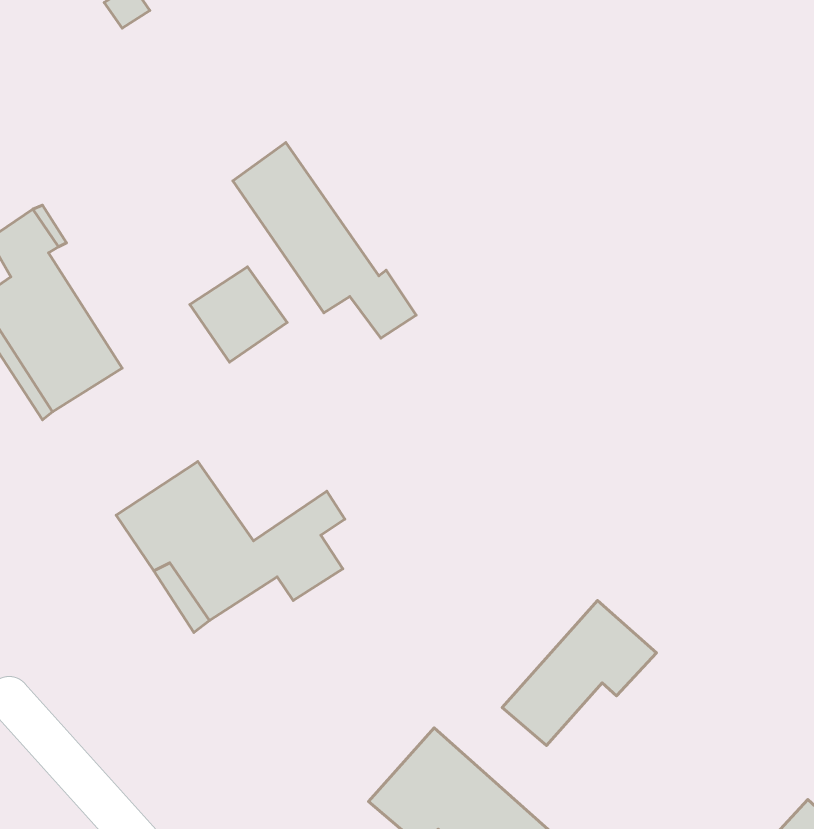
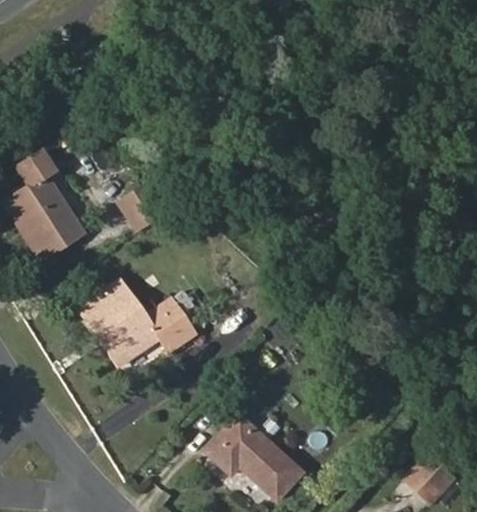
building: [233,143,416,338] -> none
building: [502,601,656,746] -> none

